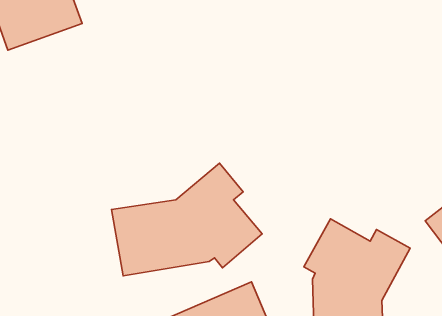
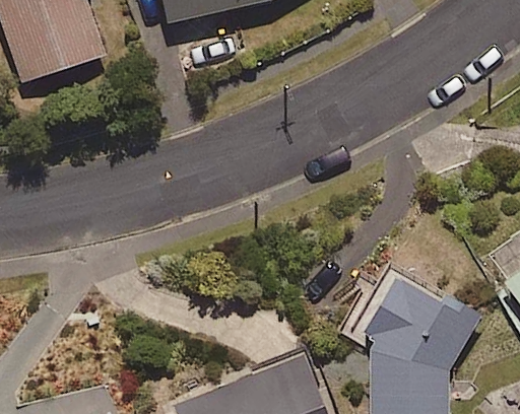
building: [111,163,262,276] -> none

